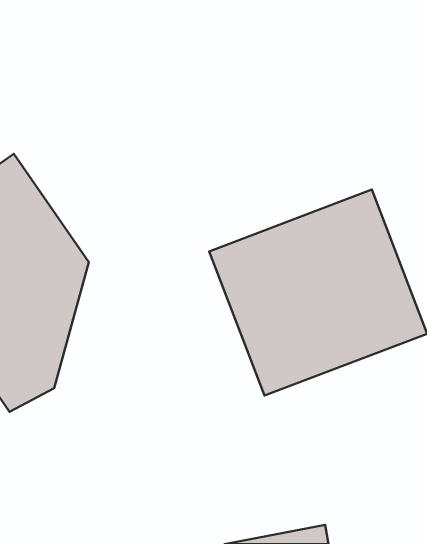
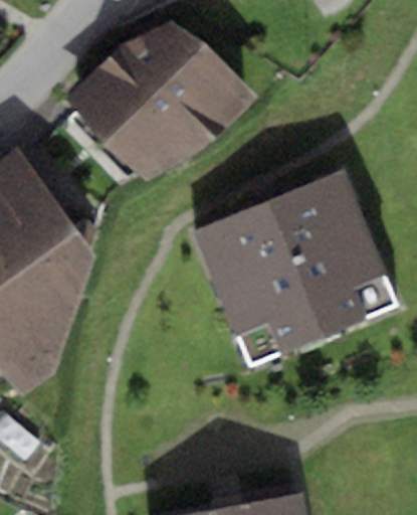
building: none -> [66,8,243,184]

